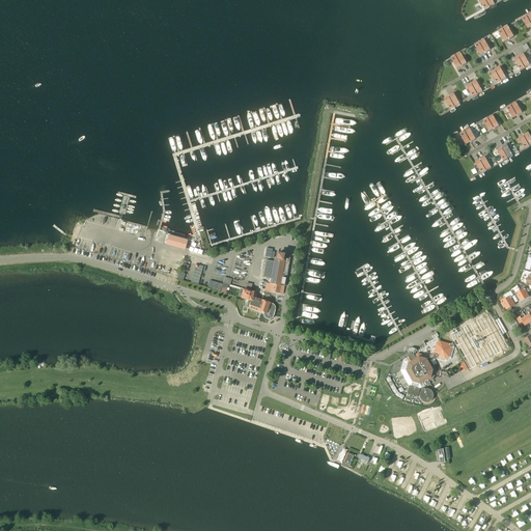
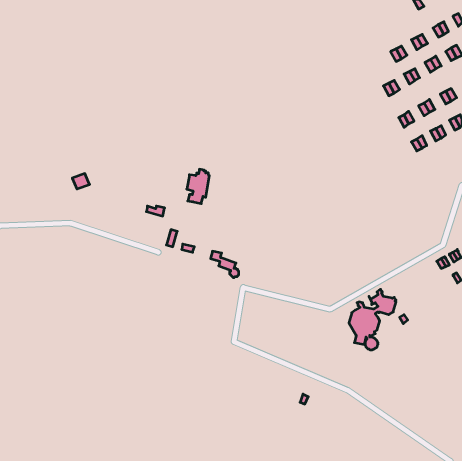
building: [263,253,289,292] -> [187,169,209,204]

